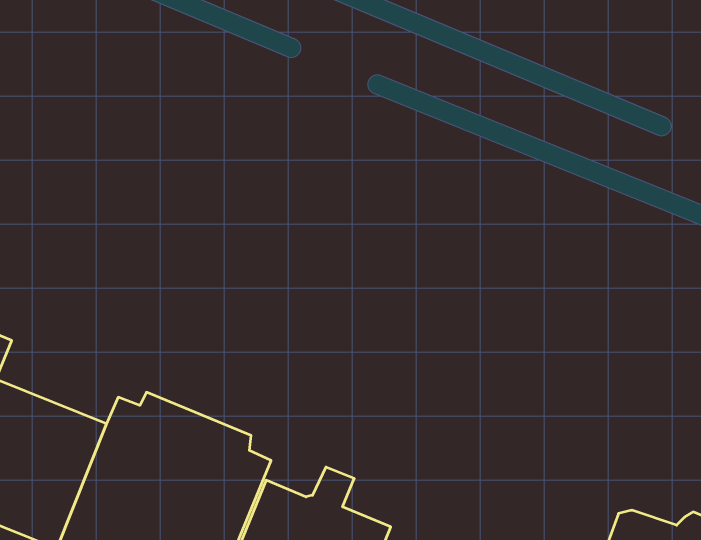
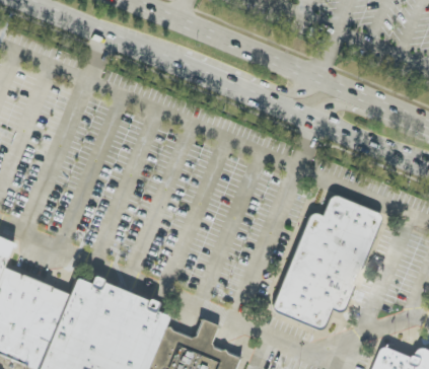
building: none -> [271,194,380,329]

